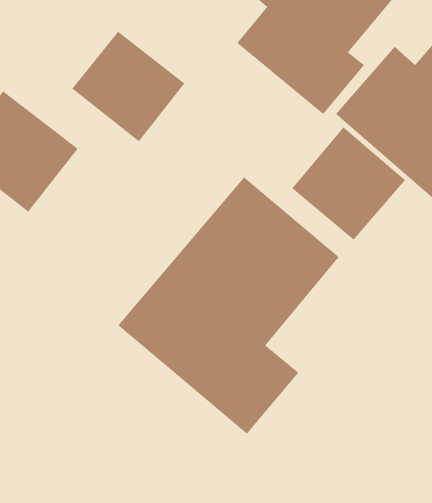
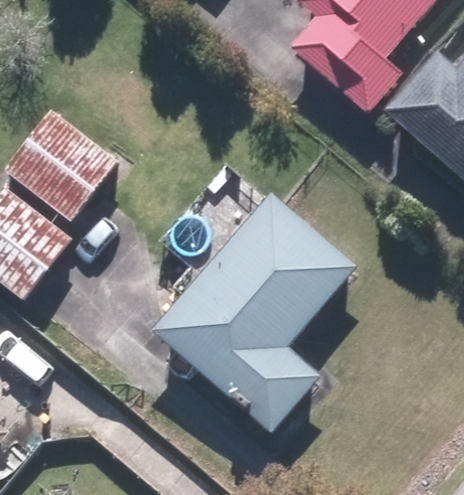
building: [72,31,185,142] -> none
building: [291,127,406,241] -> none

